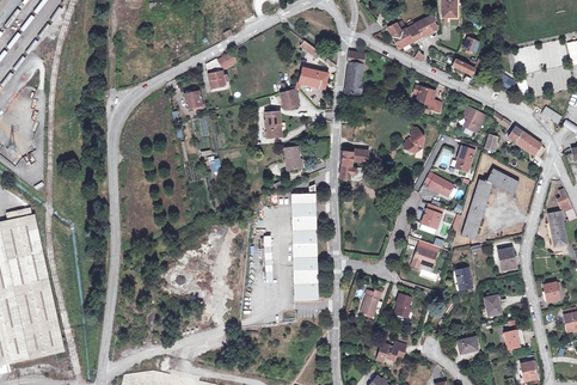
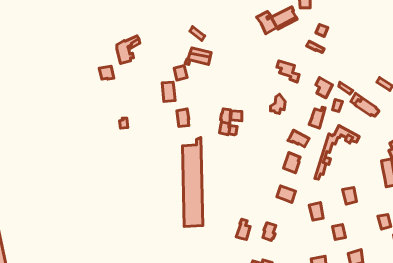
building: [344,51,364,96] -> none

